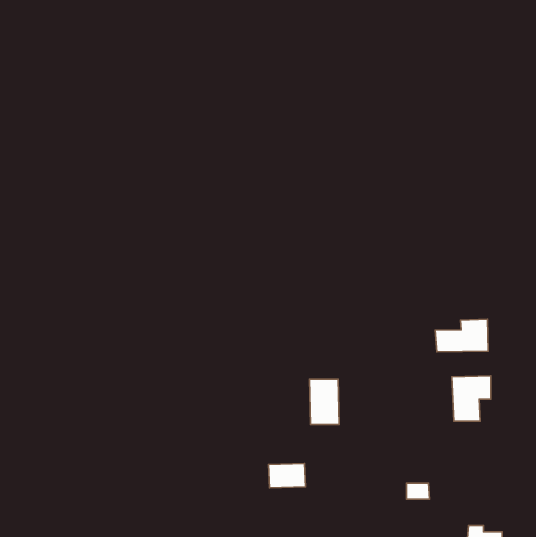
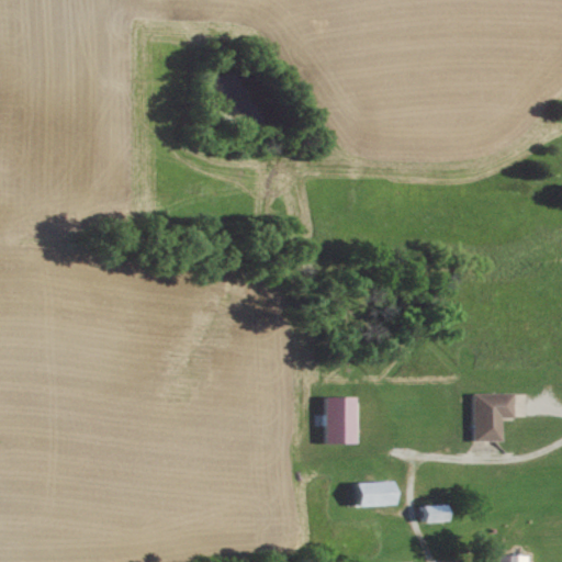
building: [435,319,488,352] -> none
building: [269,464,305,488] -> [357,481,395,506]

